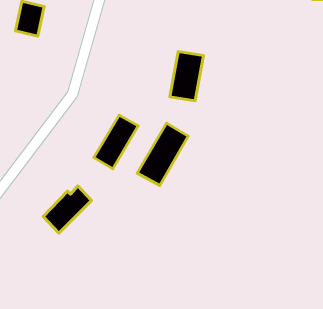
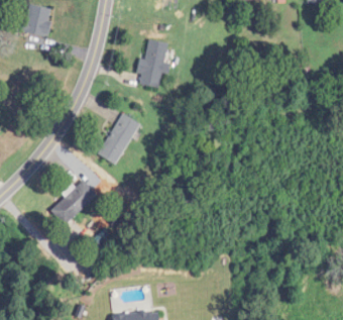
building: [170,51,203,101] -> [137,38,169,86]
building: [137,123,188,186] -> none

